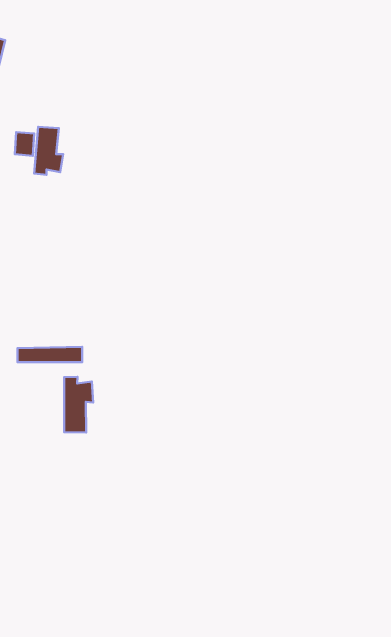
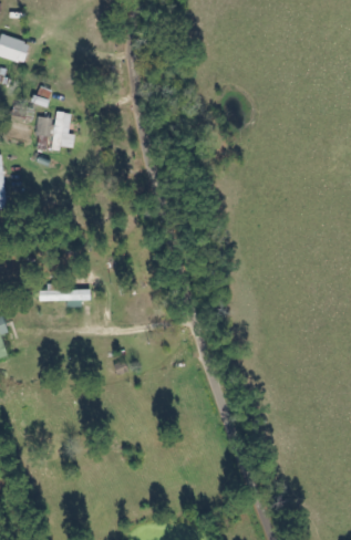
building: [64,377,93,433] -> none

